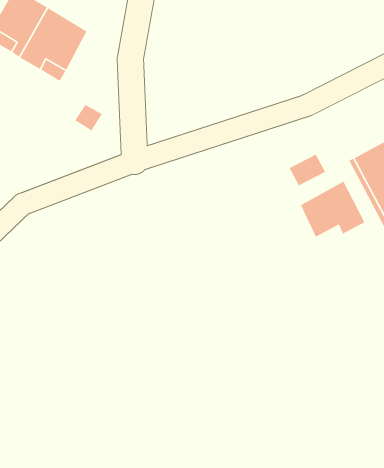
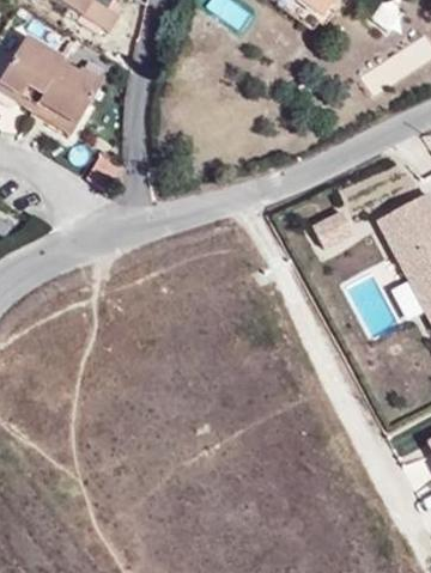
building: [300,180,366,238] -> none

